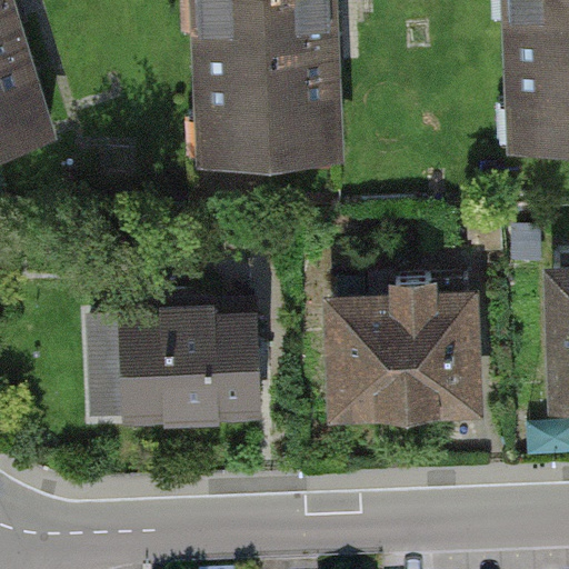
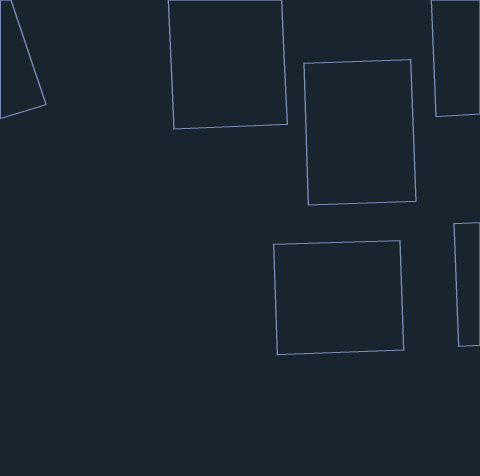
building: none -> [304,59,416,205]
building: [116,305,262,436] -> none

